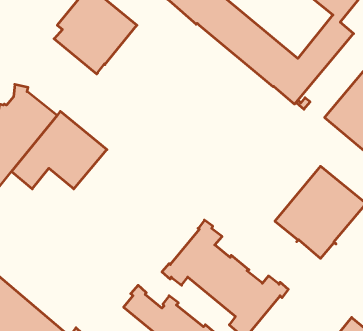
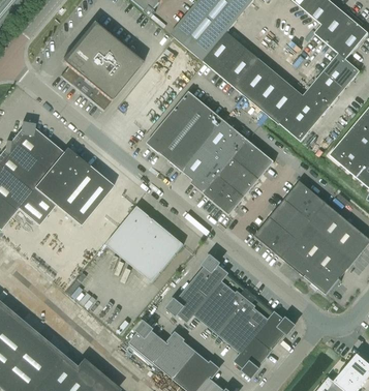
building: none -> [146,90,274,214]
building: none -> [254,180,326,257]
building: none -> [105,205,183,280]

